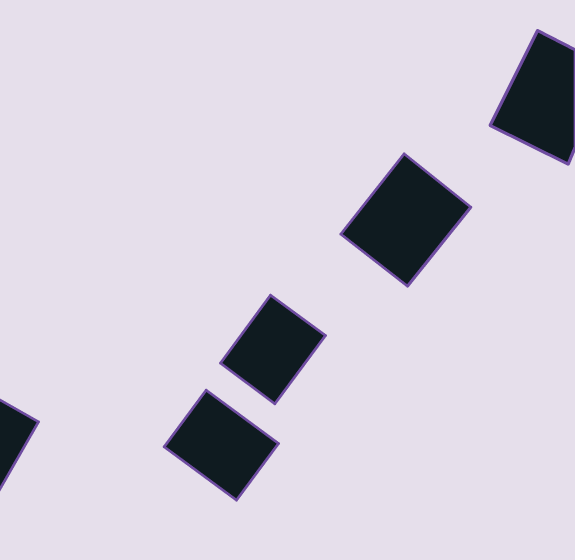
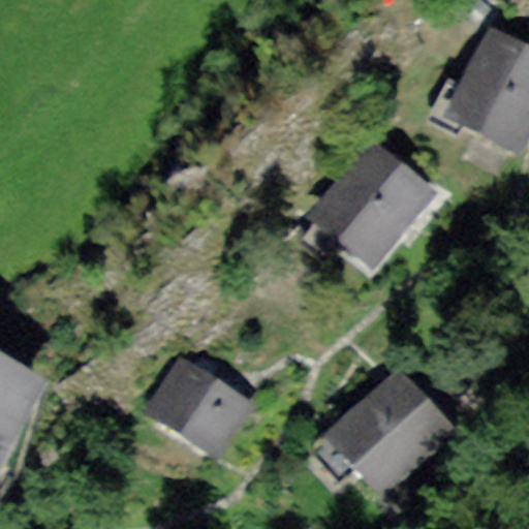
building: [221,295,325,404] -> none
building: none -> [332,372,457,497]

